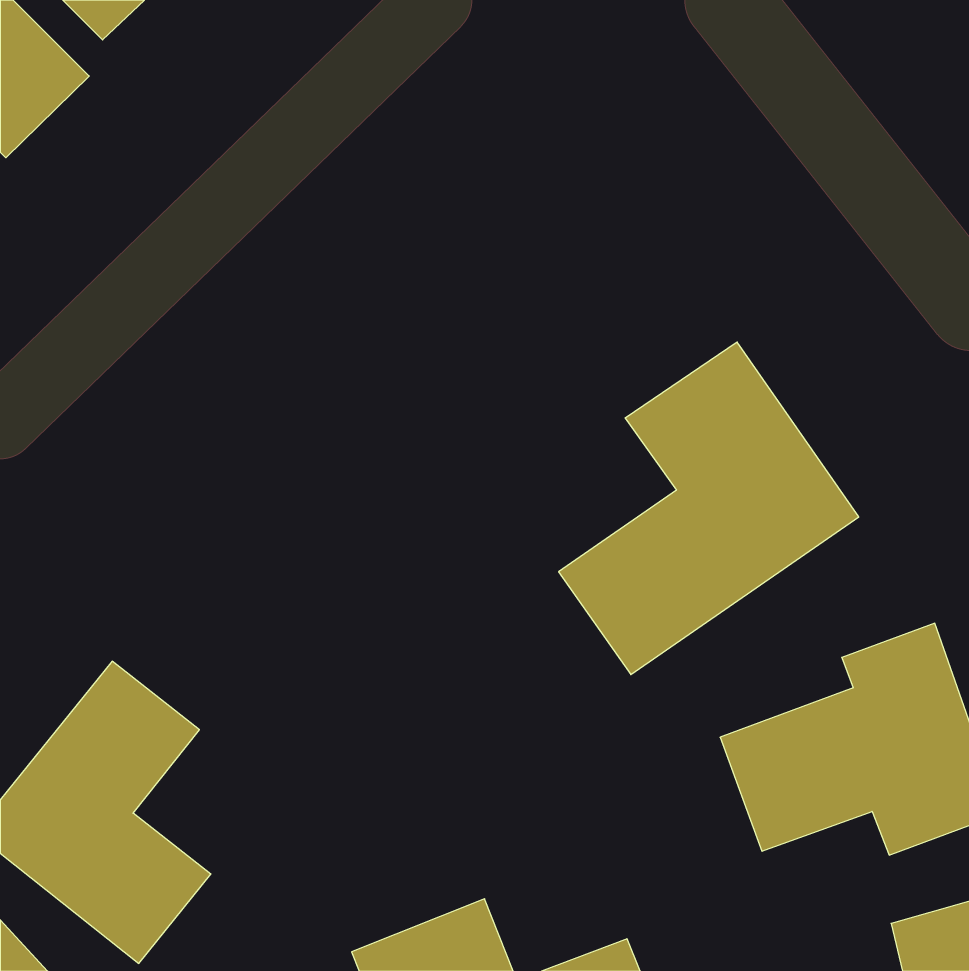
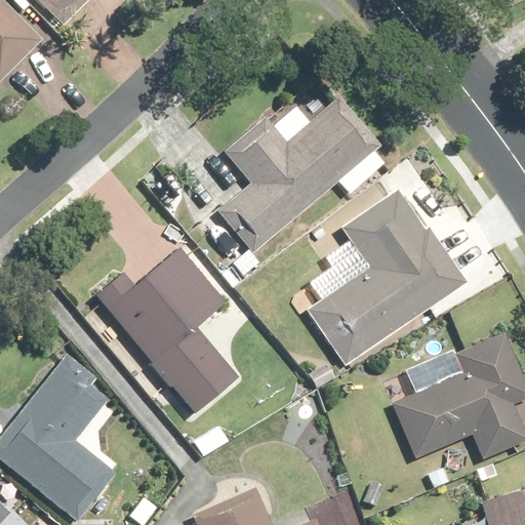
building: none -> [219,100,389,249]
building: none -> [91,246,240,414]

